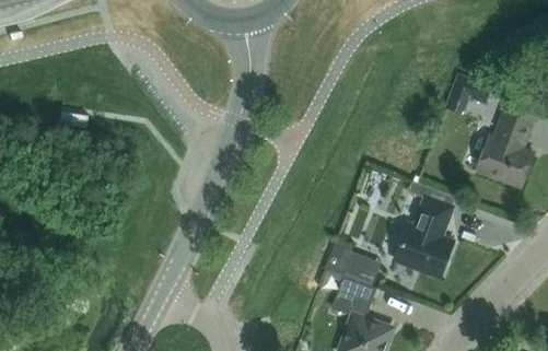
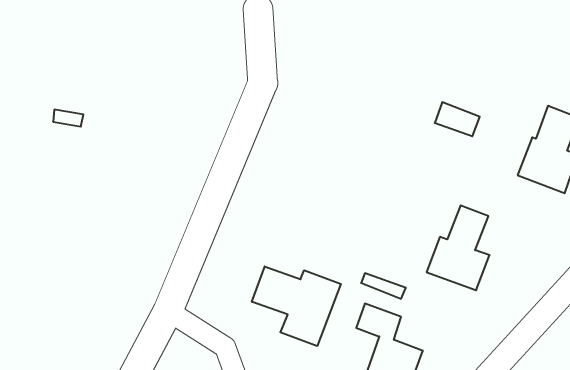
building: [451,72,491,103] -> [435,102,480,136]
building: none -> [252,266,341,346]

